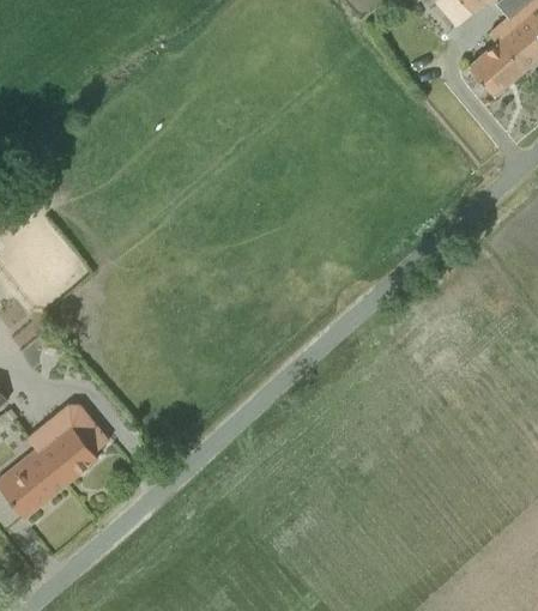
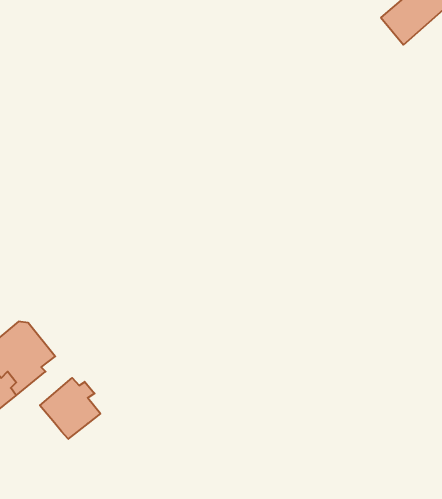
building: none -> [40,378,100,439]

